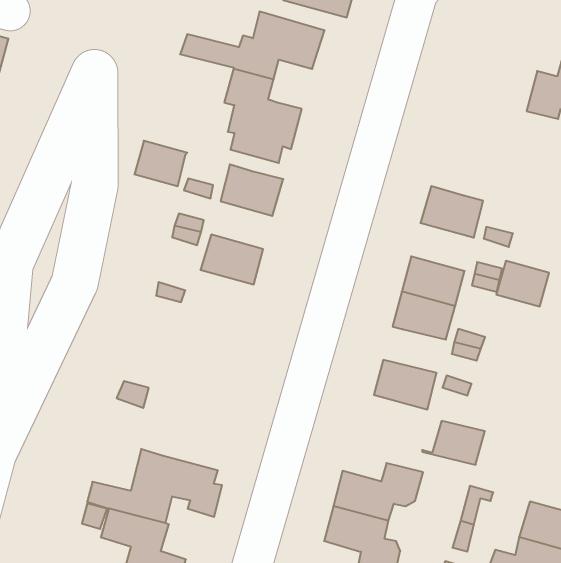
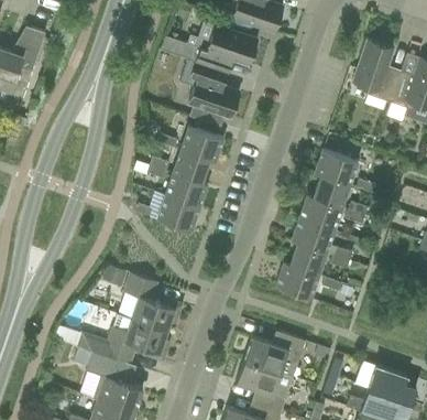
building: none -> [353,40,399,103]
building: [134,141,187,186] -> [174,150,210,182]
building: [496,261,549,306] -> [314,175,350,207]
building: none -> [157,195,200,230]
building: none -> [124,272,183,331]
building: [422,421,485,465] -> [284,244,327,274]

